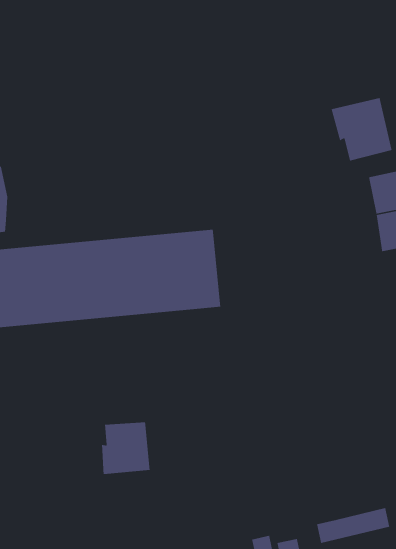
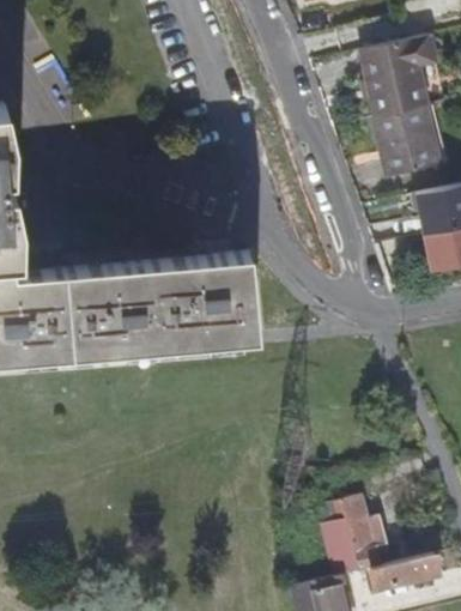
building: none -> [360,38,436,121]
building: [101,421,151,475] -> none
building: none -> [322,496,387,577]

